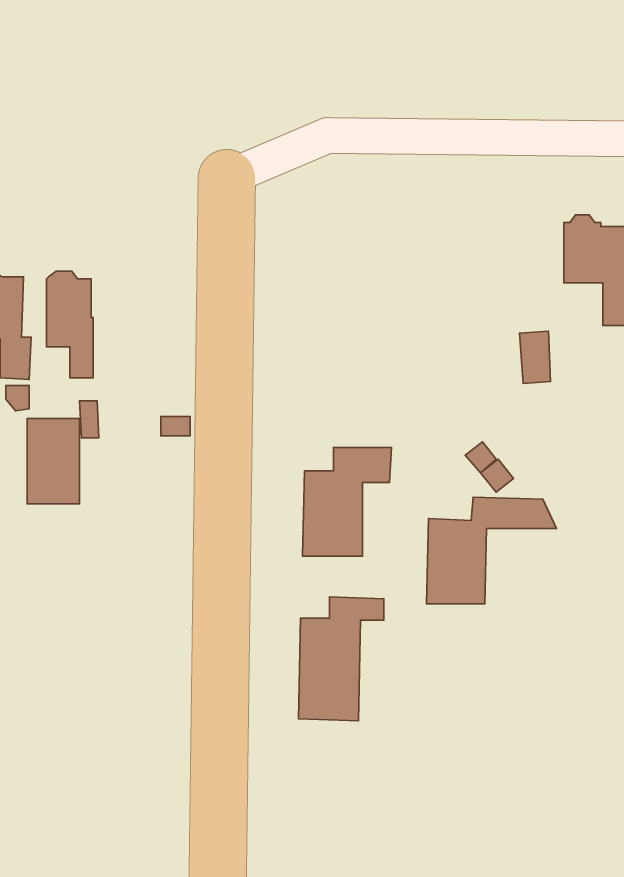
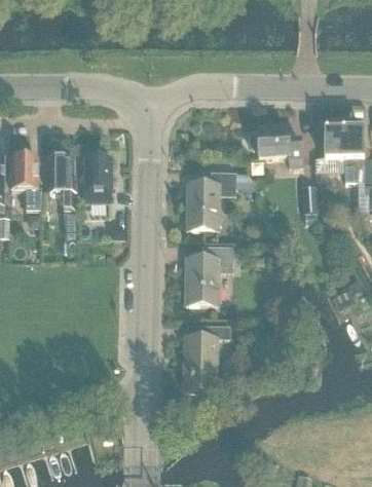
building: none -> [250,128,302,164]
building: [27,418,79,504] -> [84,156,112,201]
building: [427,497,556,604] -> [187,172,256,228]

